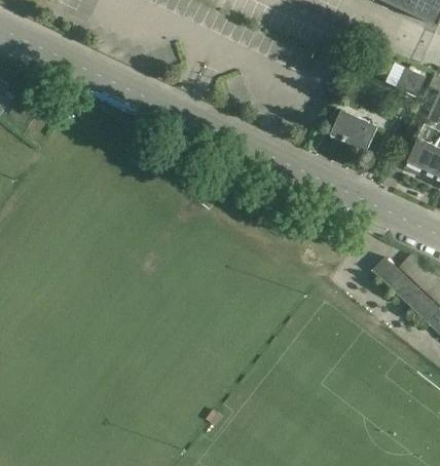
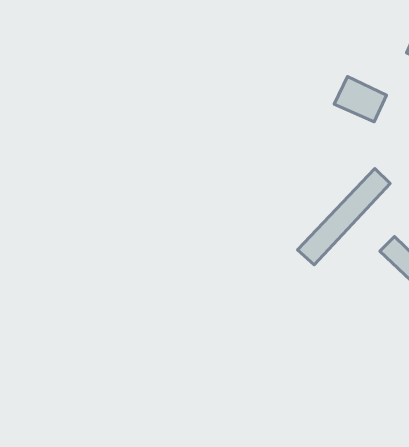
building: none -> [297,168,390,265]

